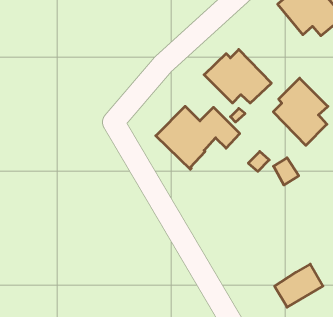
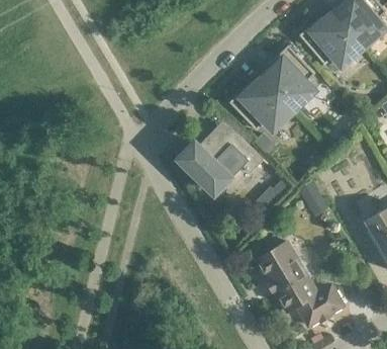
building: [273,78,328,145] -> [263,47,315,111]
building: none -> [257,243,317,313]

